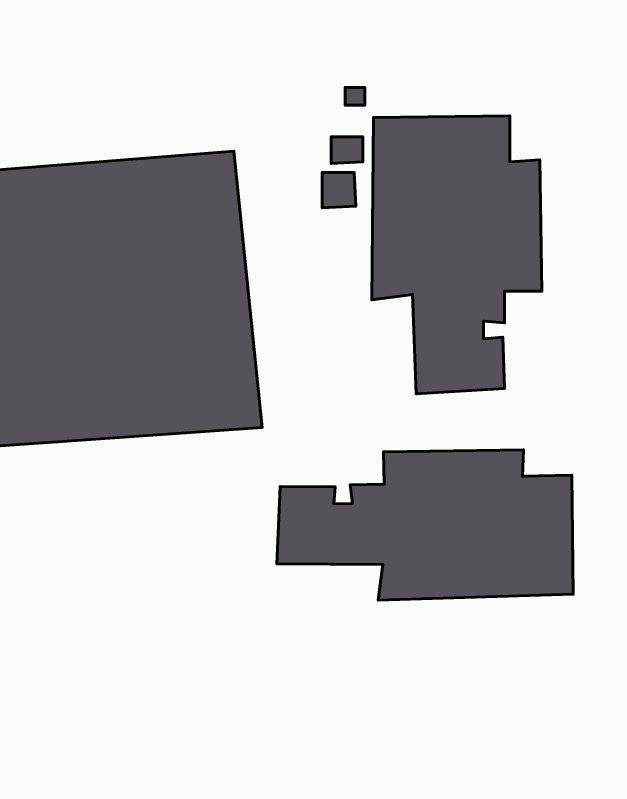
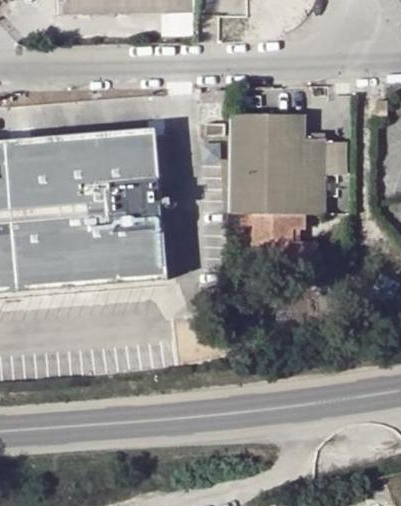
building: [277,450,573,600] -> none

